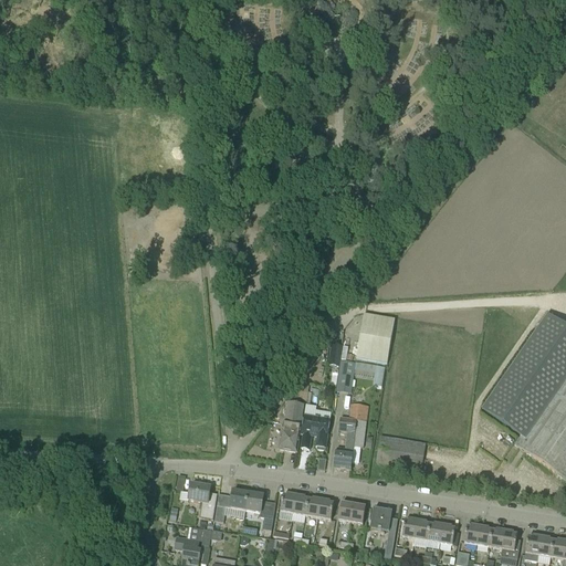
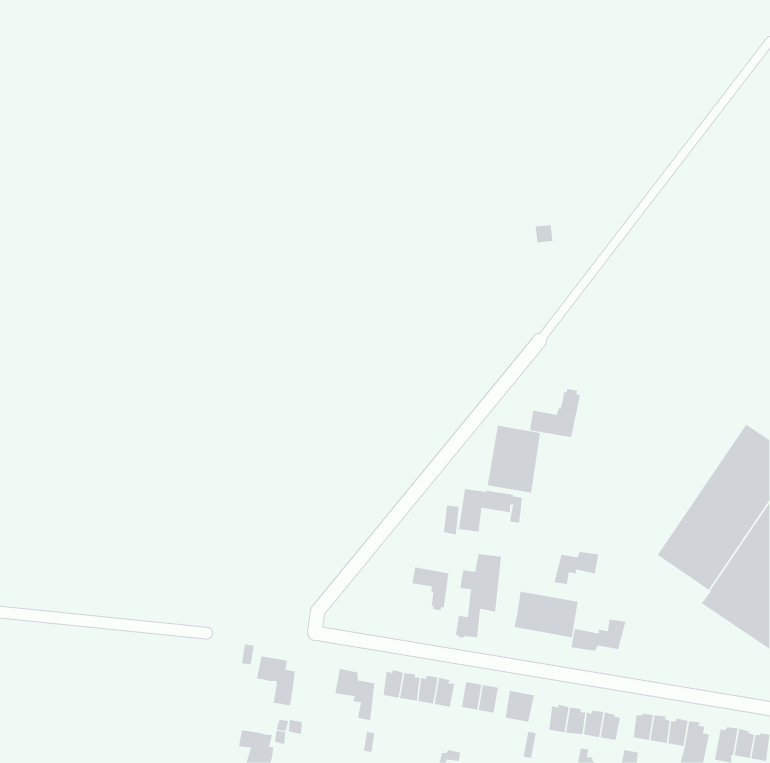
building: none -> [529,388,580,438]
building: [280,398,304,449] -> none
building: none -> [554,551,599,585]
building: none -> [571,619,626,651]
building: [214,488,249,521] -> none

